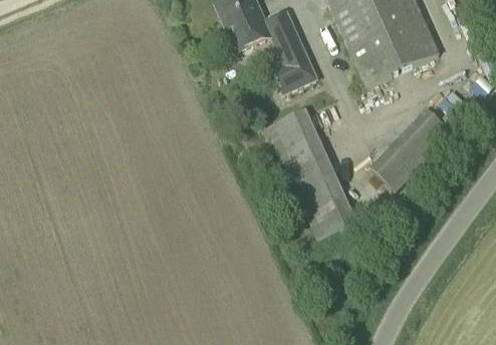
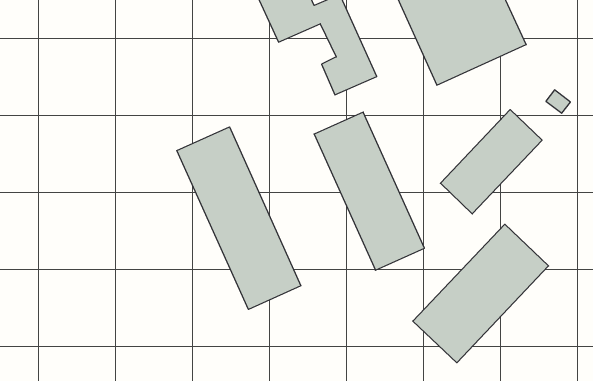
building: none -> [177,127,301,309]
building: none -> [413,224,549,363]

